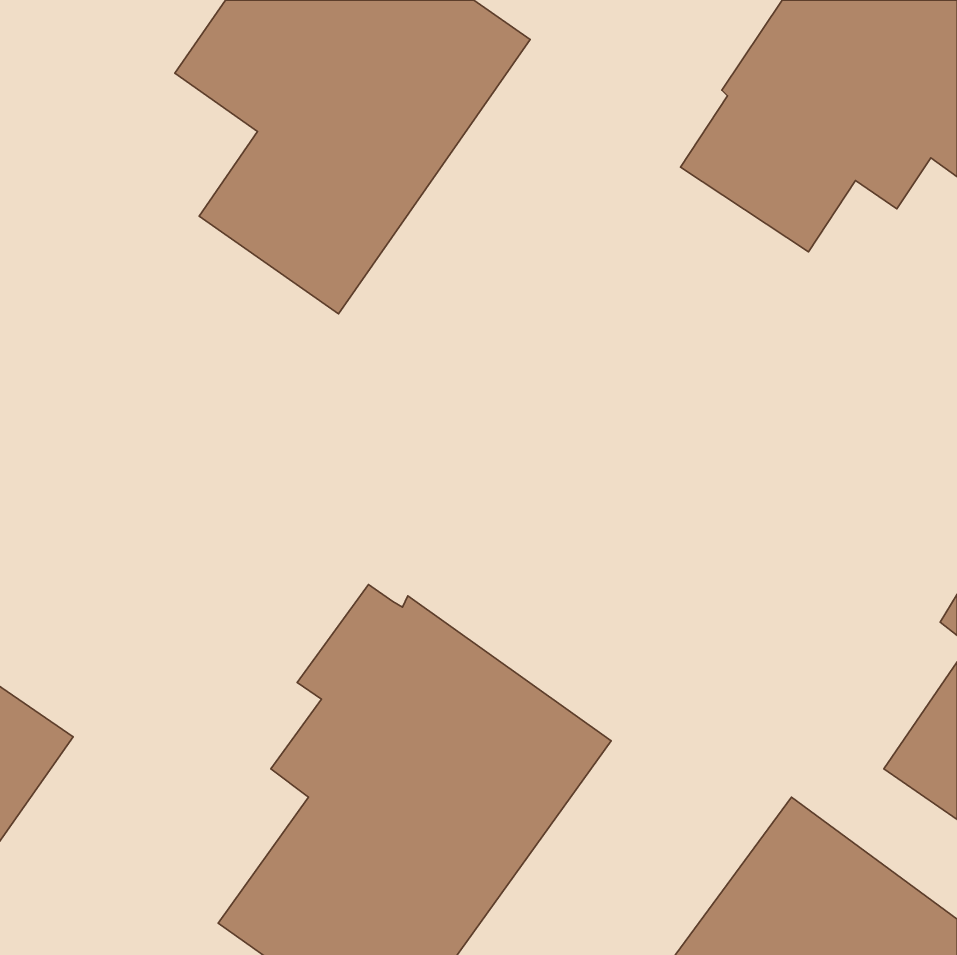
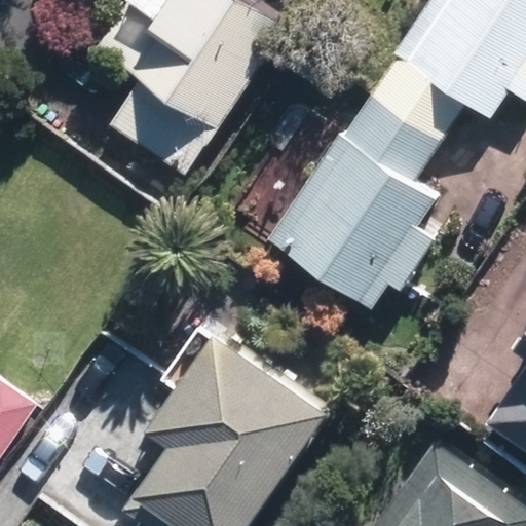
building: none -> [267,95,442,310]

